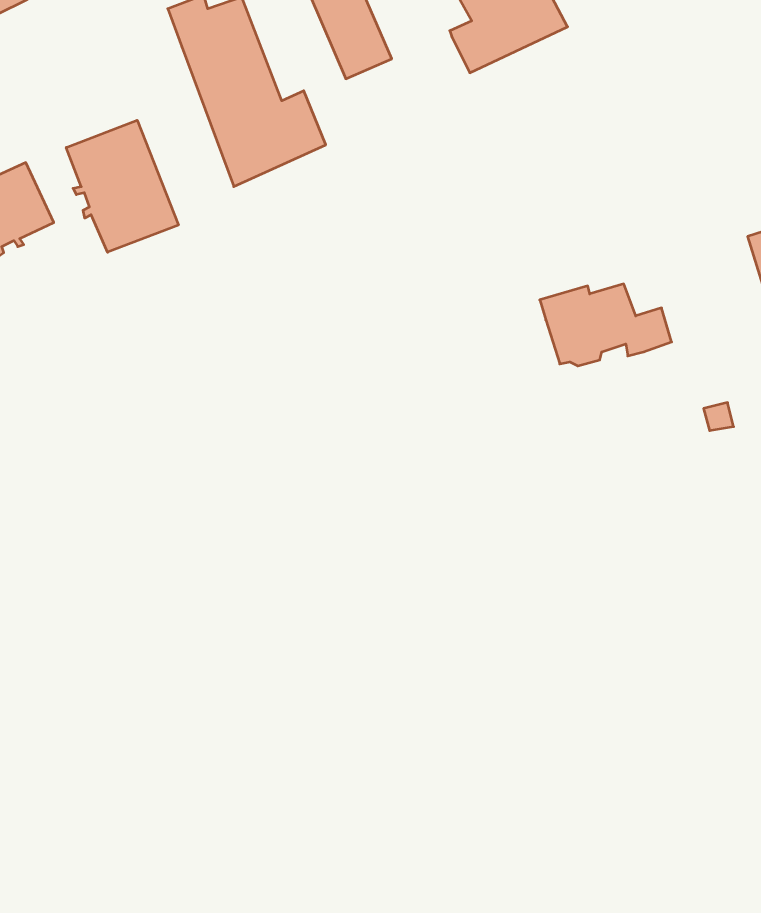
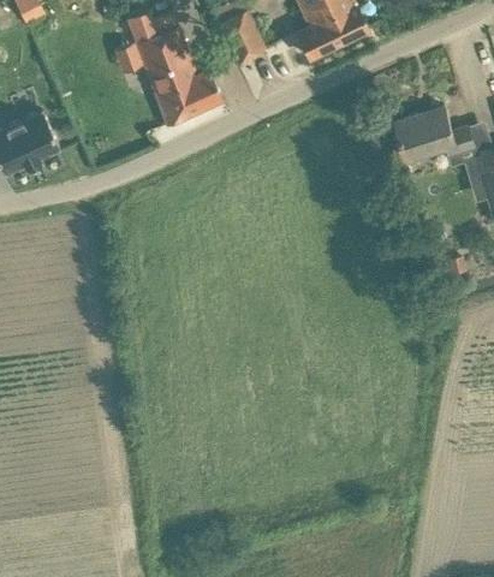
building: [66,120,178,252] -> none
building: [540,284,672,366] -> [395,112,475,161]

